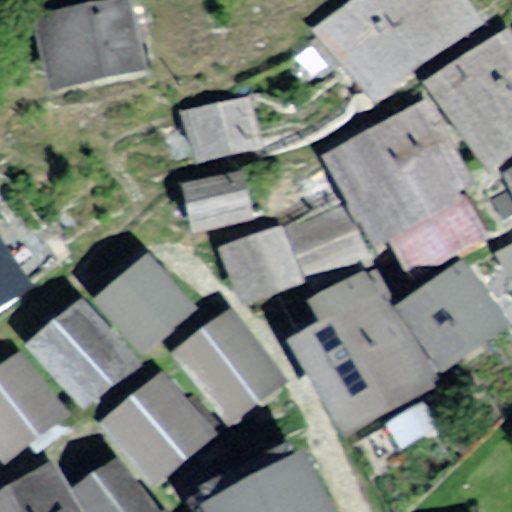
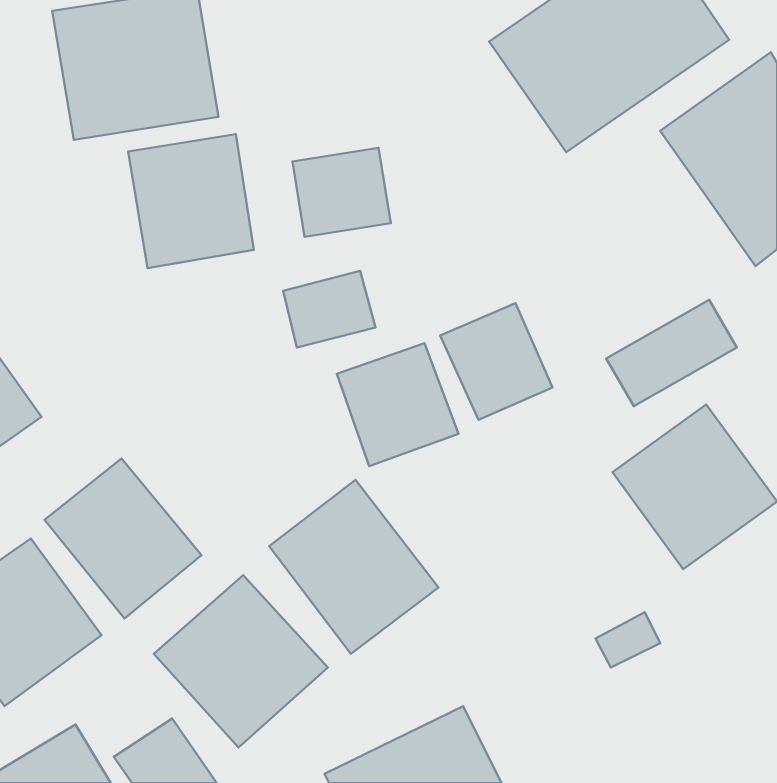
building: none -> [128,134,254,268]
building: [329,101,465,235] -> none
building: [96,256,194,355] -> none
building: [295,277,426,431] -> none

